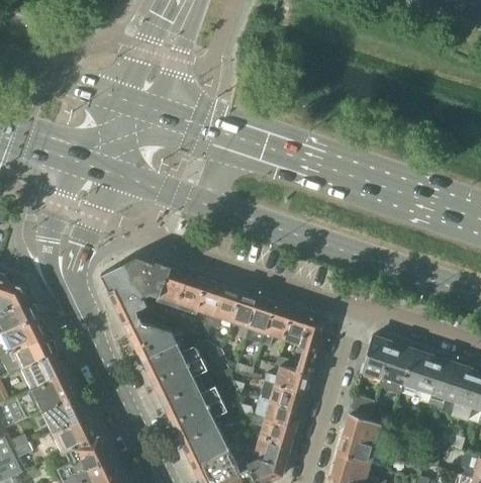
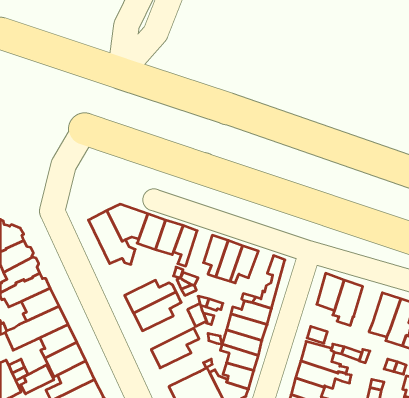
building: [212,287,243,329] -> none
building: [284,310,312,357] -> none
building: [125,318,178,361] -> none
building: [404,351,437,392] -> none
building: [163,384,221,422] -> none
building: [183,426,228,465] -> none
building: none -> [21,365,54,394]

